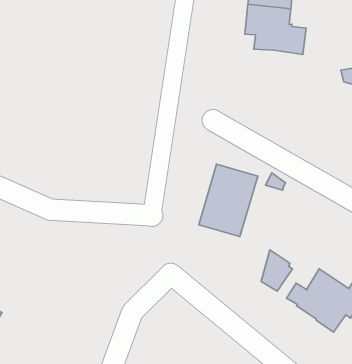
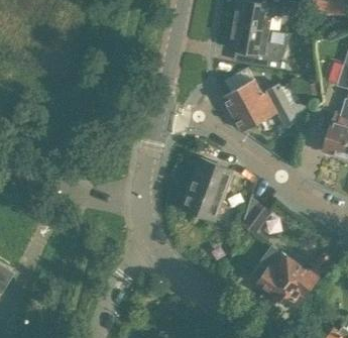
building: none -> [223,80,308,132]
building: [261,250,292,291] -> [242,199,269,234]

